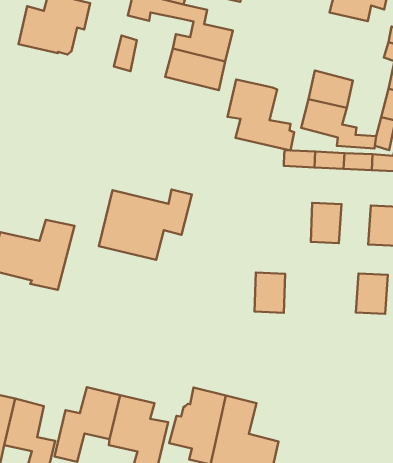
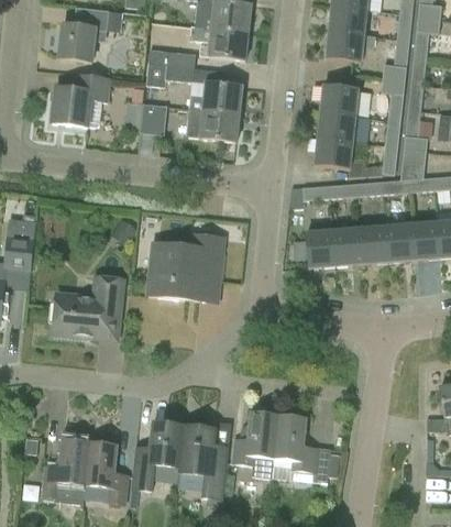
building: none -> [319,85,358,116]
building: [228,79,294,150] -> none
building: [255,272,285,313] -> [306,230,336,267]
building: [356,274,388,314] -> [359,226,387,263]

